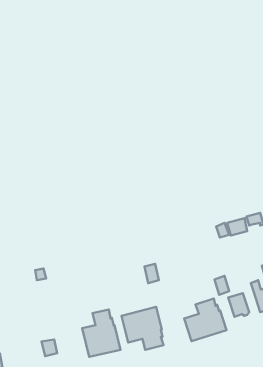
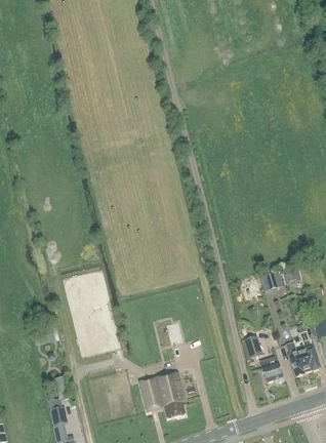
building: [184,298,227,341] -> none
building: [82,309,120,357] -> none

